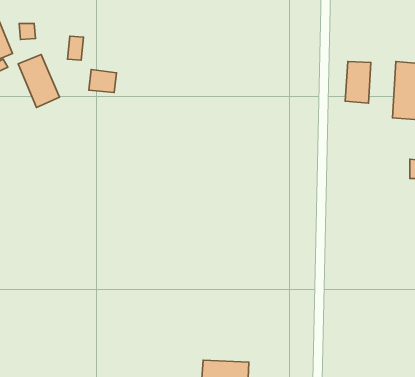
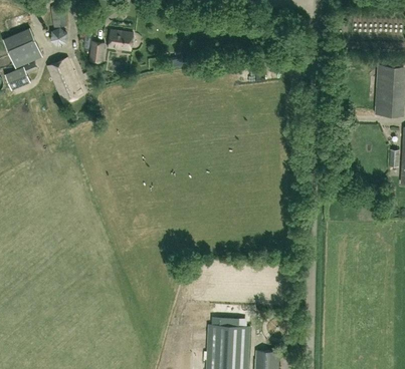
building: [345,62,371,103] -> none
building: [89,69,116,92] -> [109,30,133,50]

